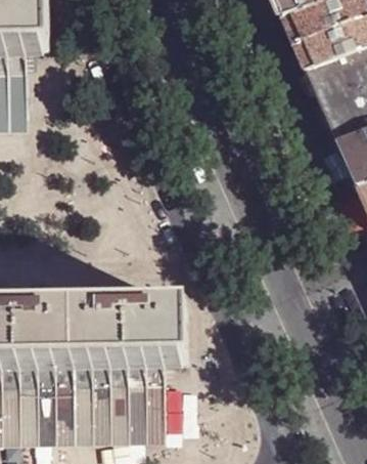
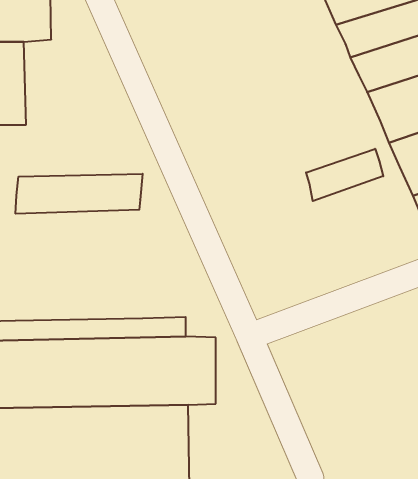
building: none -> [306,149,383,201]
building: none -> [16,174,143,214]

